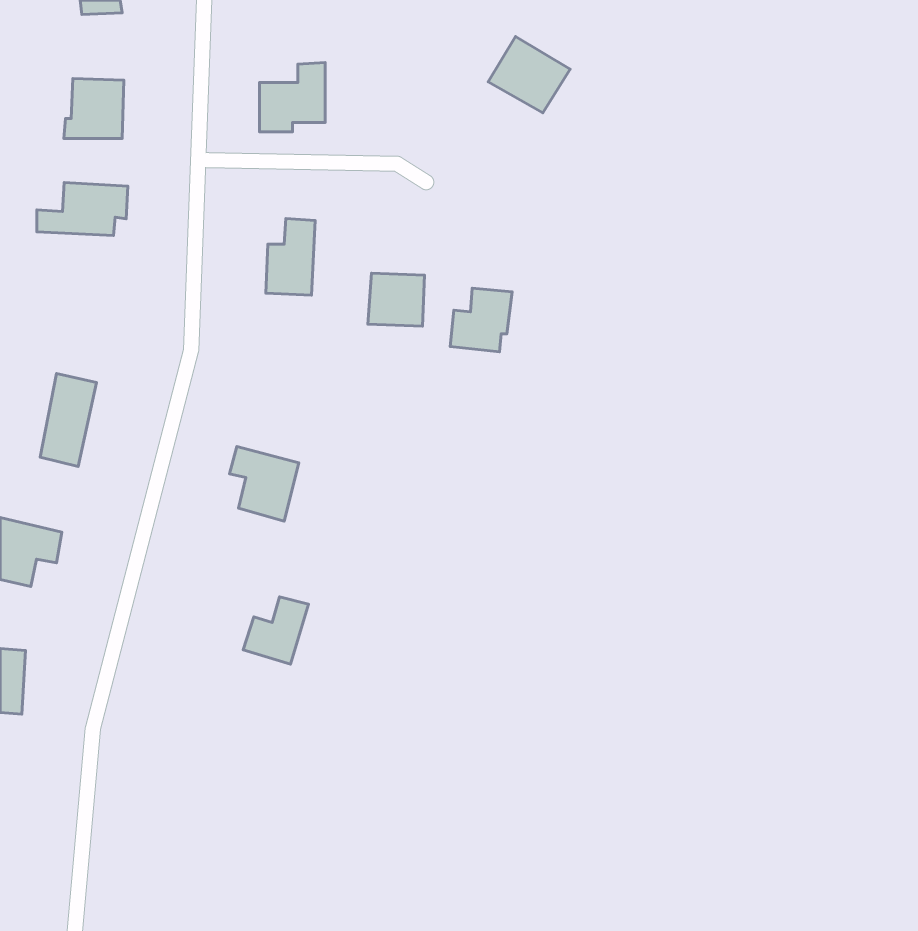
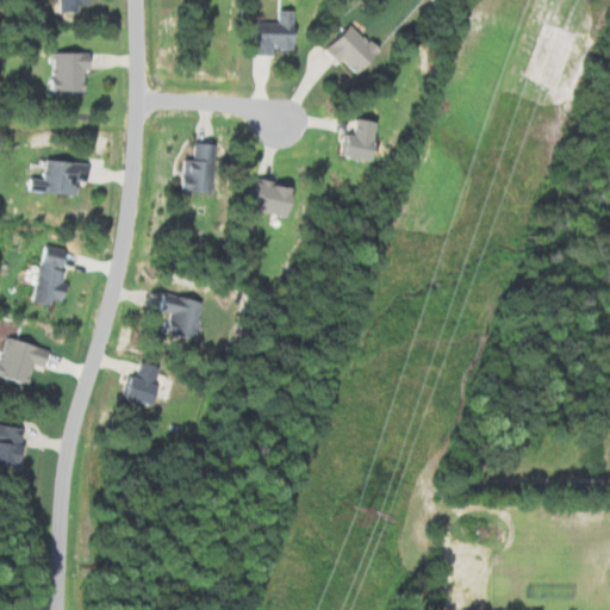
building: [260,62,325,132] -> [255,10,298,55]
building: [37,183,128,235] -> [29,160,88,194]
building: [450,288,512,352] -> [340,119,380,161]
building: [243,597,309,664] -> [120,362,163,406]

